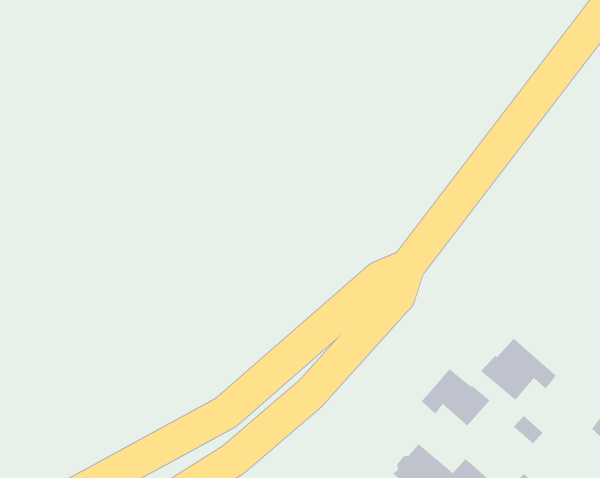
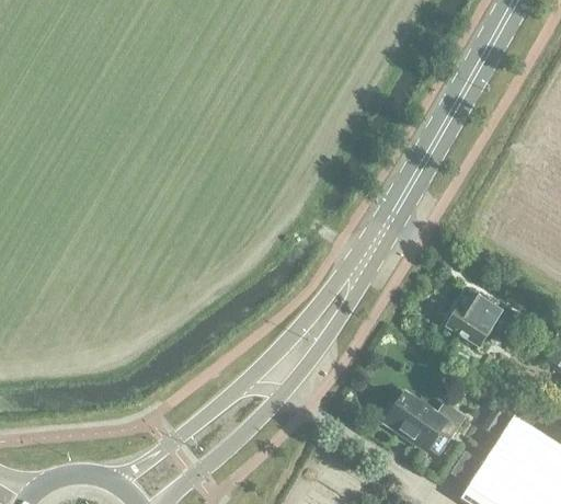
building: [421,368,491,426] -> none

